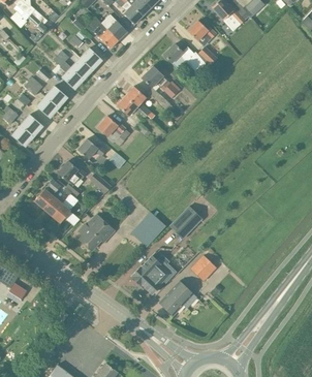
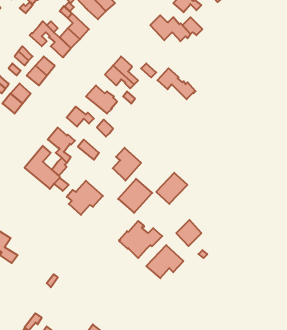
building: [141,65,180,97] -> [157,68,196,99]
building: none -> [113,148,141,181]

